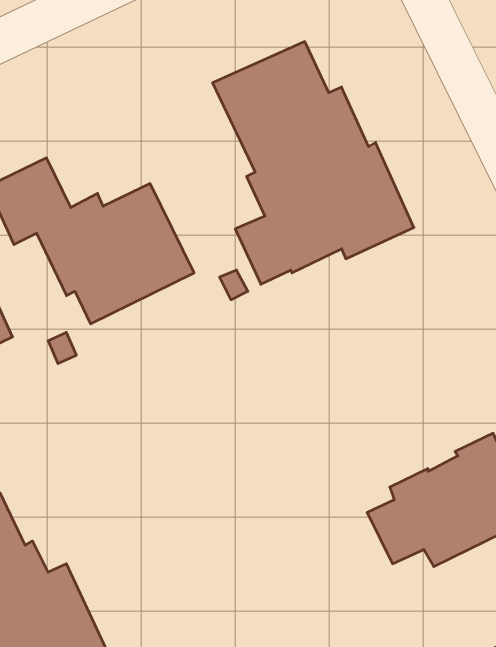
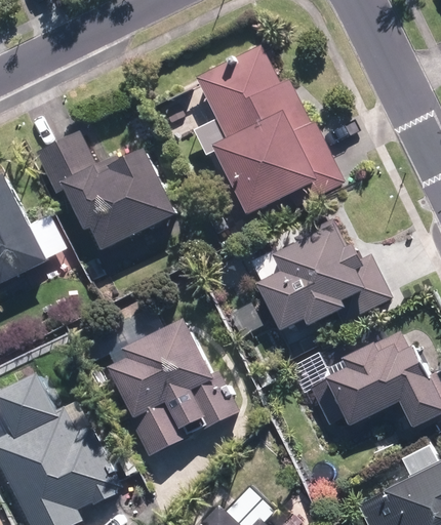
building: none -> [260,217,389,330]
building: none -> [113,317,236,454]

